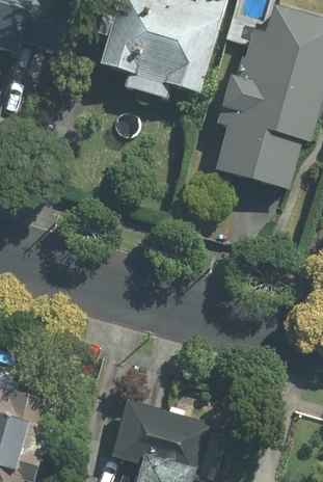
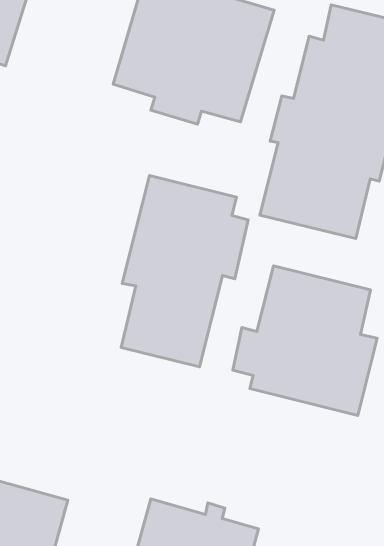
building: none -> [121,175,248,367]
building: none -> [233,266,377,416]

